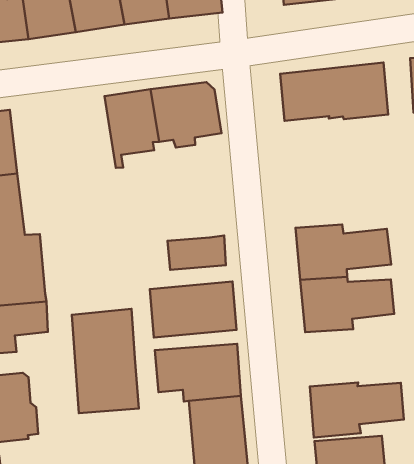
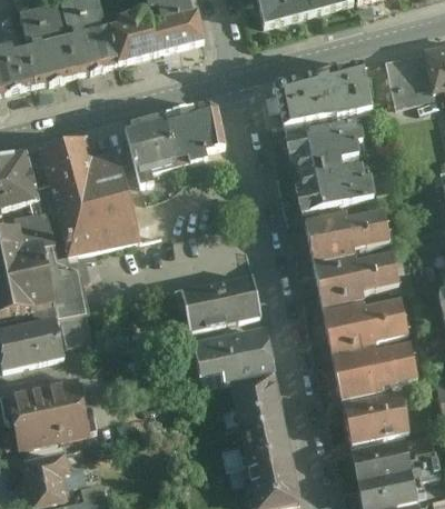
building: none -> [36,134,139,255]
building: none -> [284,119,375,211]
building: [167,236,226,270] -> none
building: [72,309,139,413] -> none
building: none -> [322,300,408,358]

